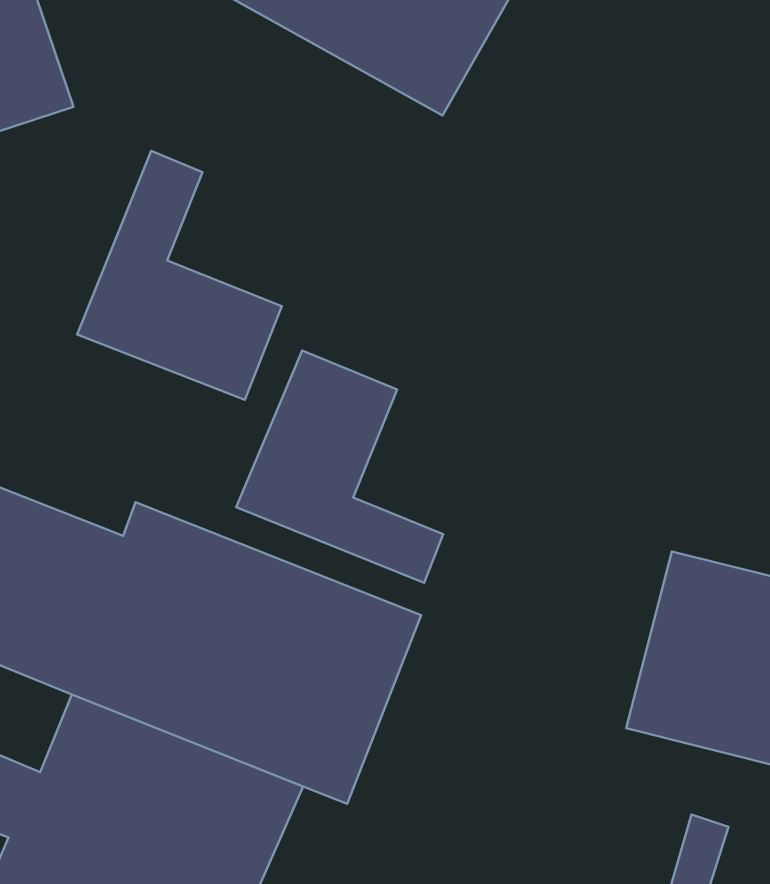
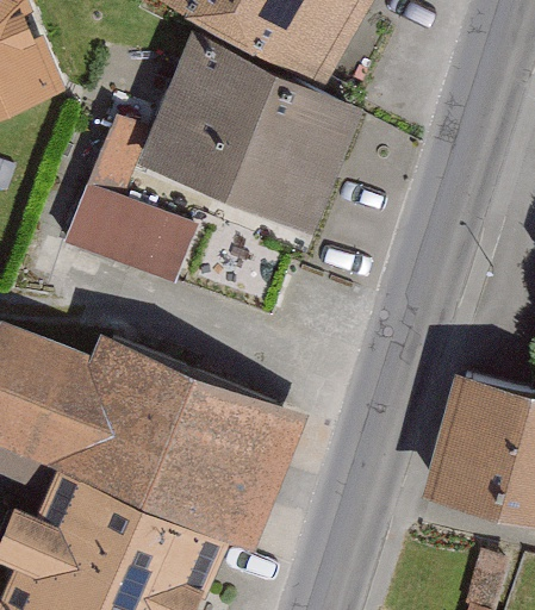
building: none -> [139,42,361,234]
building: [236,350,443,583] -> none

